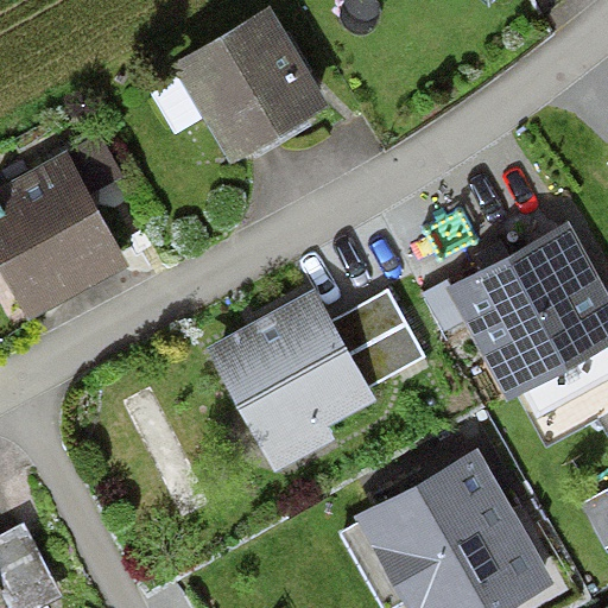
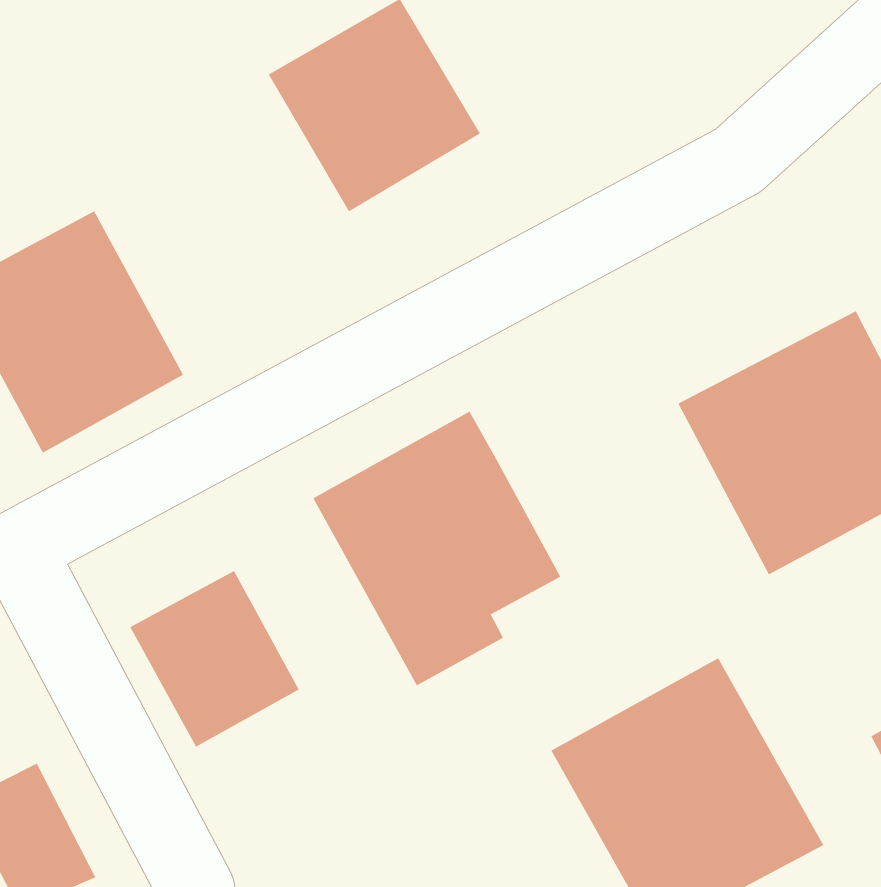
building: [330,290,424,388] -> none
building: none -> [129,570,300,747]

